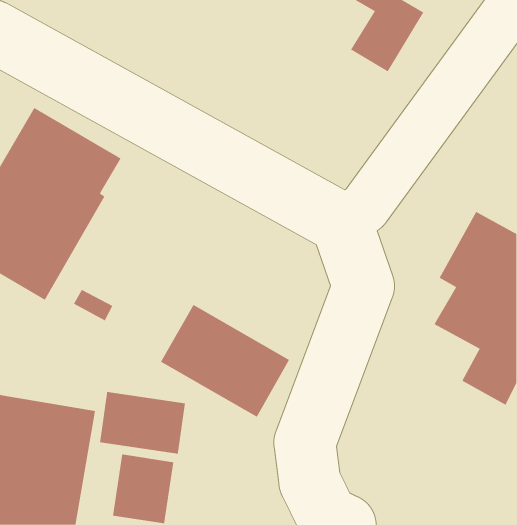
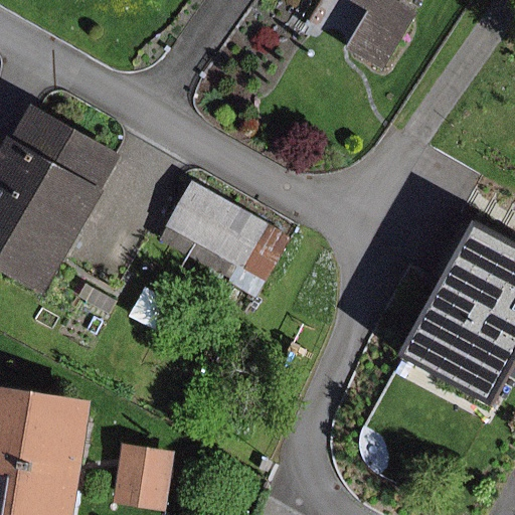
building: [160,304,290,417] -> [157,181,284,292]
building: [99,391,185,455] -> none

